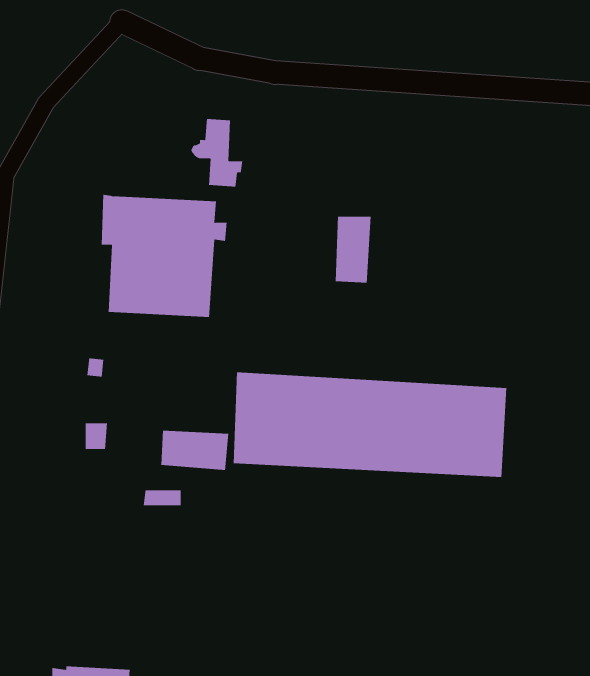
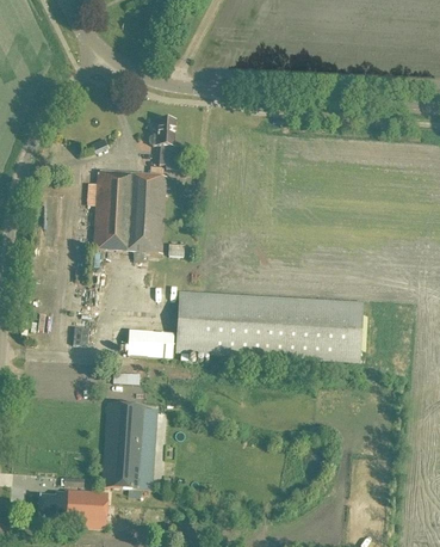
building: [335,216,371,284] -> none
building: none -> [101,402,157,490]

